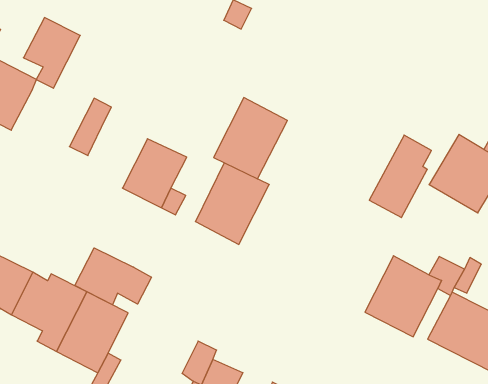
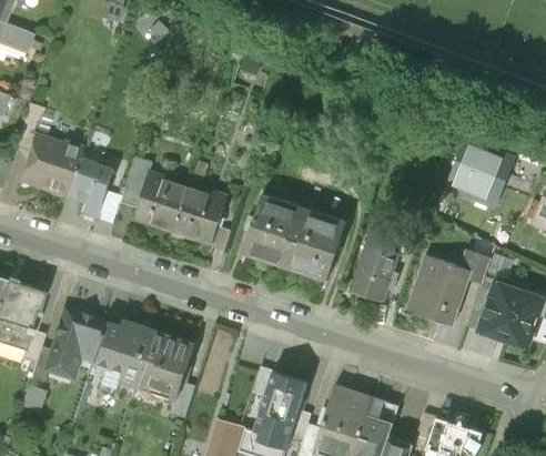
building: [23,18,80,88] -> [65,158,113,220]
building: [214,98,287,179] -> [285,210,346,281]
building: none -> [133,172,189,233]
building: [369,135,431,218] -> [351,226,400,301]
building: [75,248,151,305] -> none

